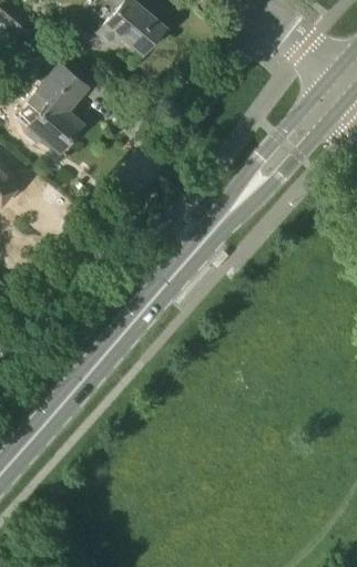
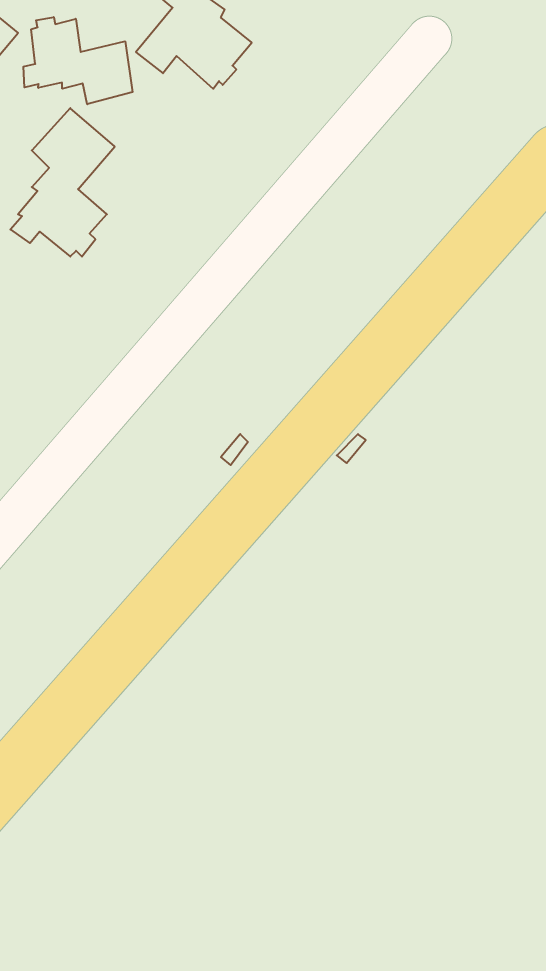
building: none -> [23,17,133,104]

